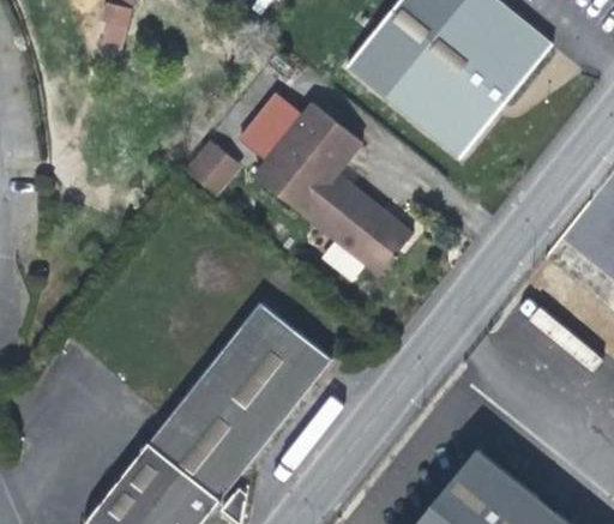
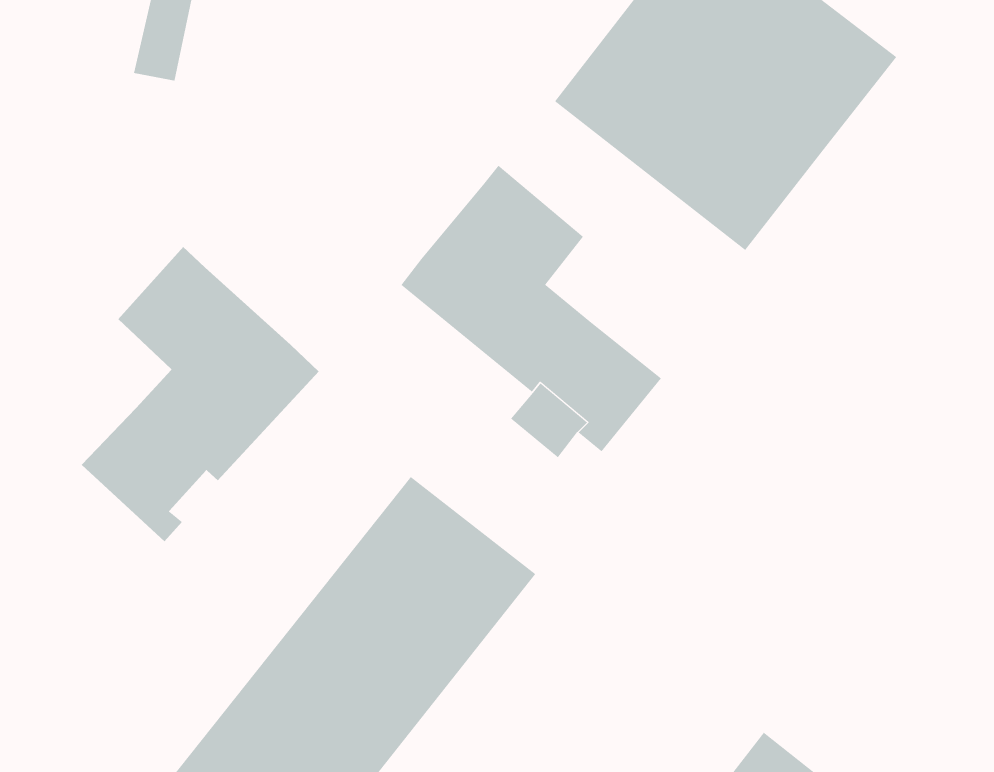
building: [240,97,305,163] -> none
building: [191,147,239,194] -> none
building: none -> [81,246,319,542]

